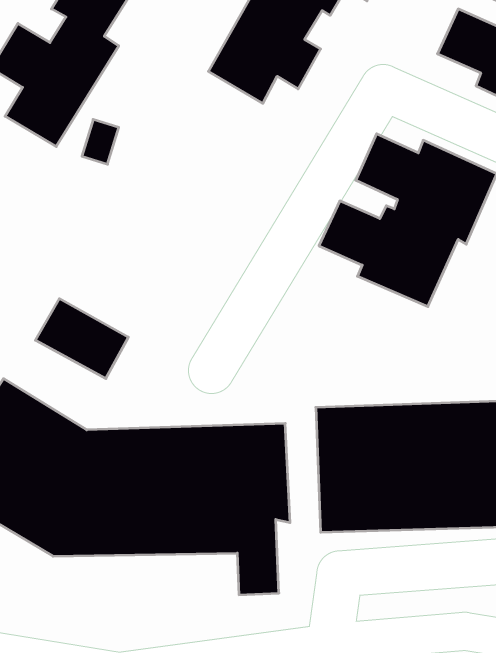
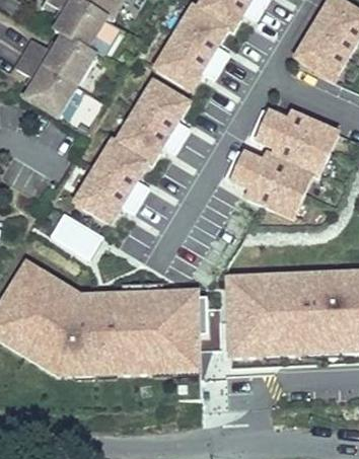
building: none -> [72,82,190,219]

